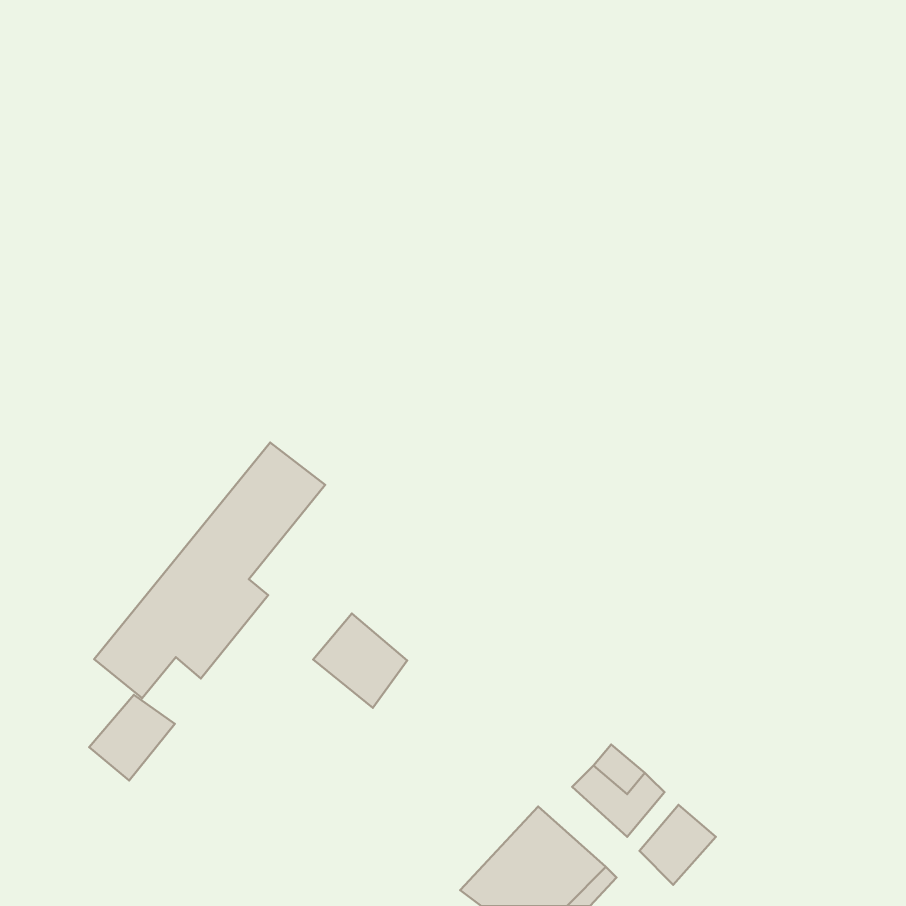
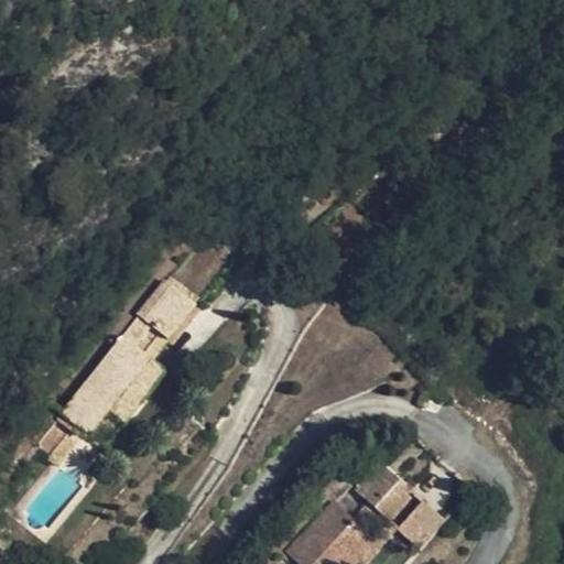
building: [313,613,407,708] -> none
building: [89,695,175,781] -> none

